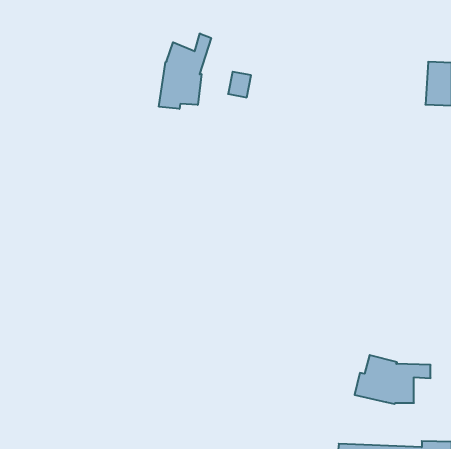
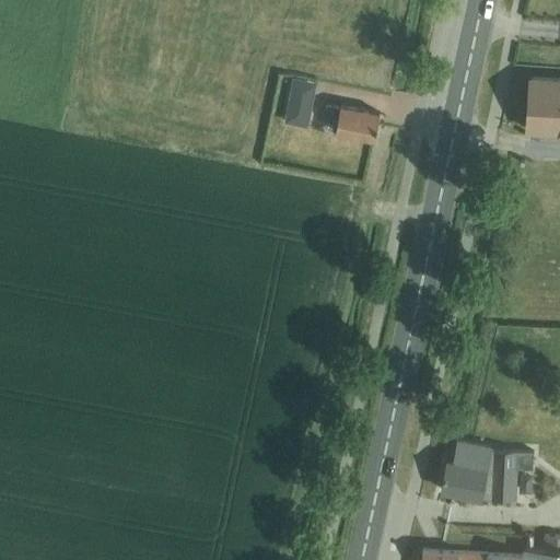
building: [159,33,211,109] -> none
building: none -> [324,105,380,142]

